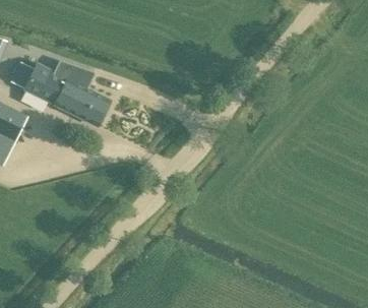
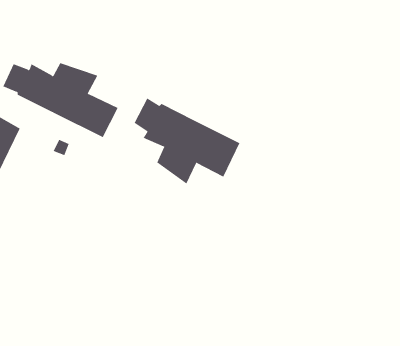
building: none -> [134,98,240,185]

